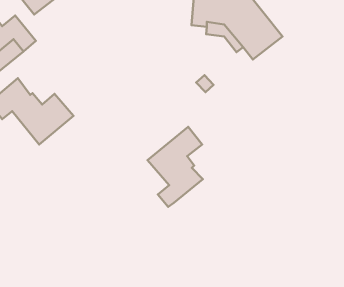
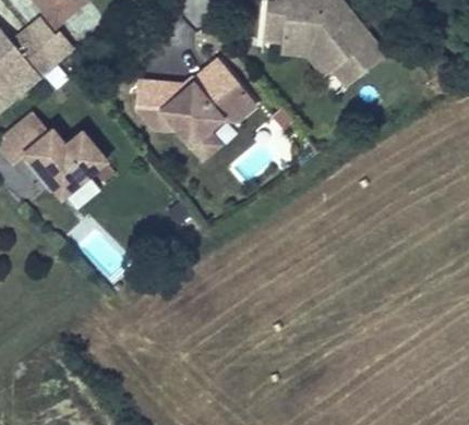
building: none -> [137,54,257,159]
building: [148,127,203,207] -> none

